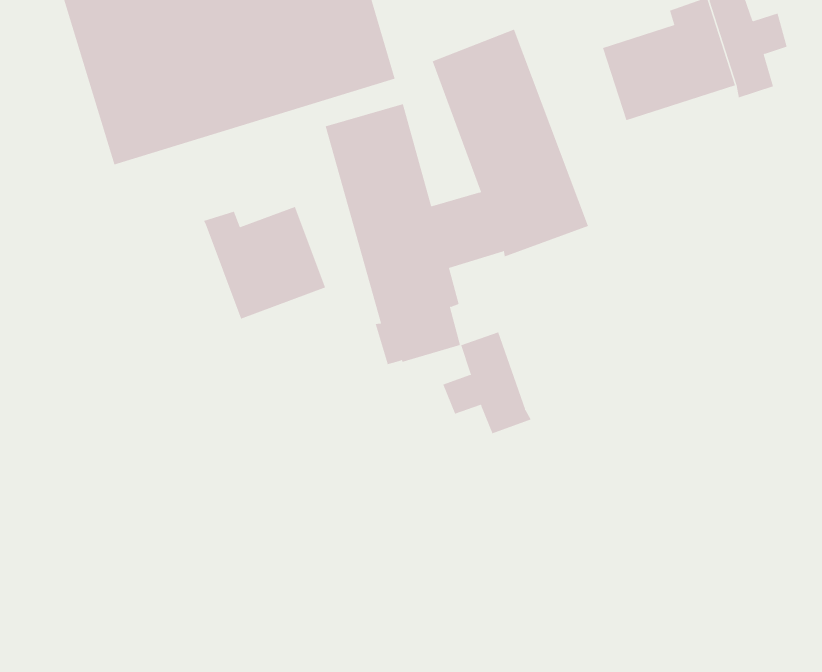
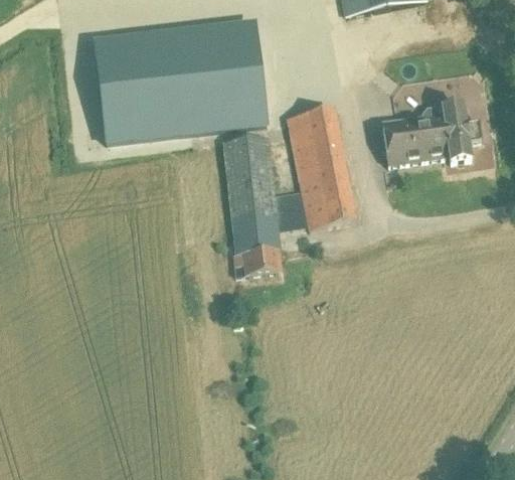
building: [203,206,326,320] -> none
building: [443,332,532,434] -> none

